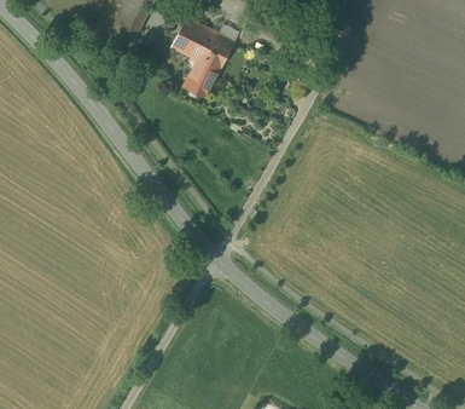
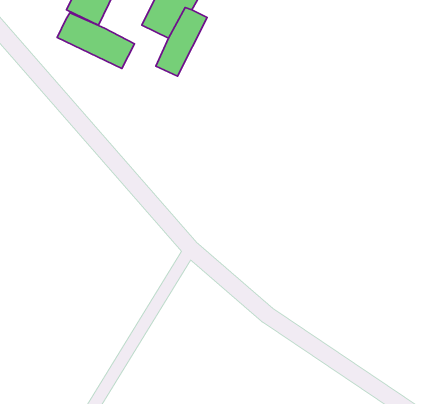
building: none -> [57,13,134,69]

